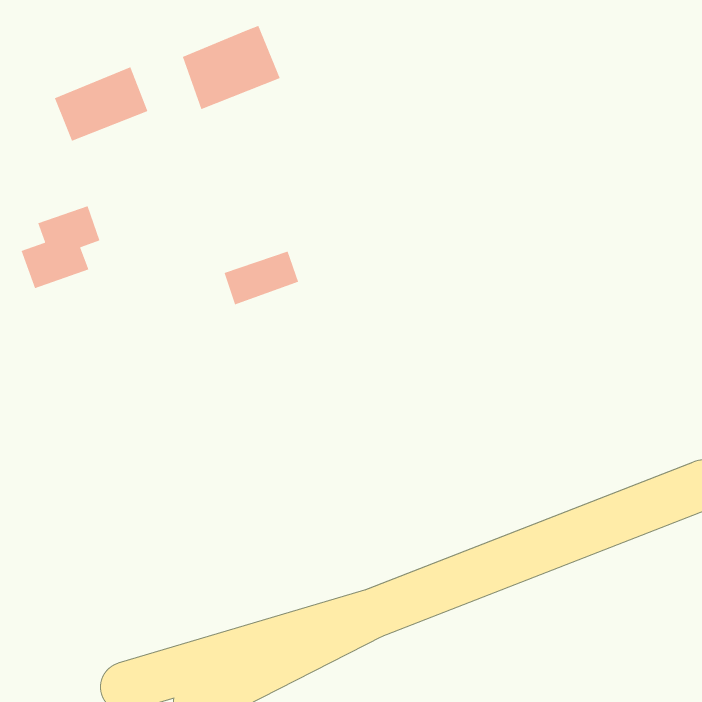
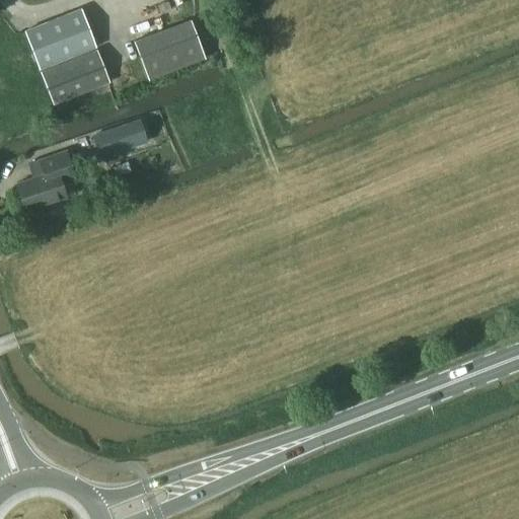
building: none -> [27,6,99,68]
building: [224,250,299,305] -> [92,118,148,158]

